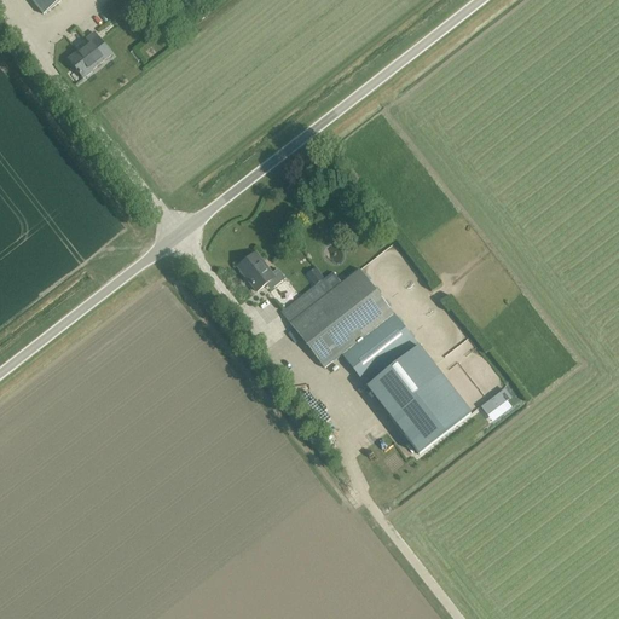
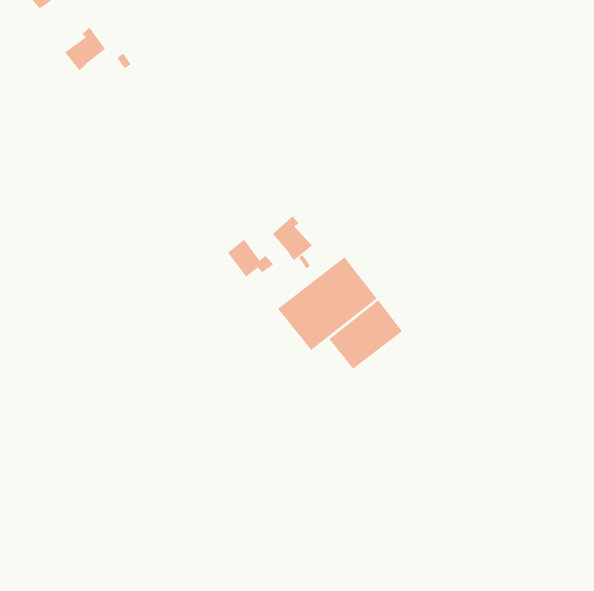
building: none -> [272,215,313,261]
building: [366,343,470,451] -> none

